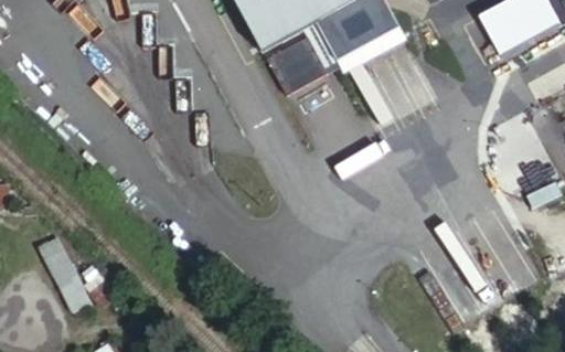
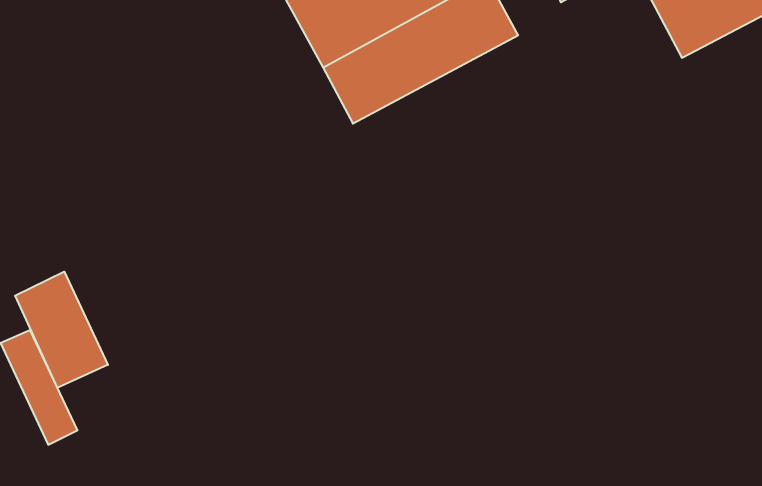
building: none -> [15,272,108,388]

